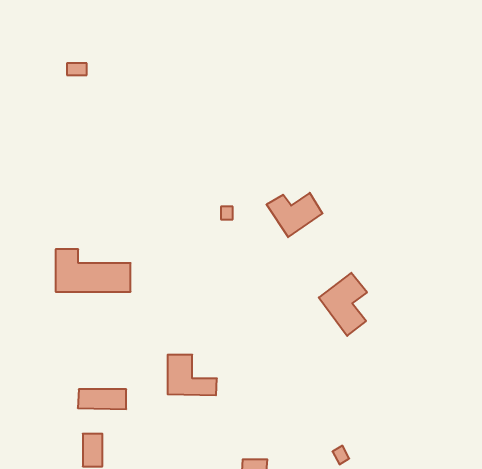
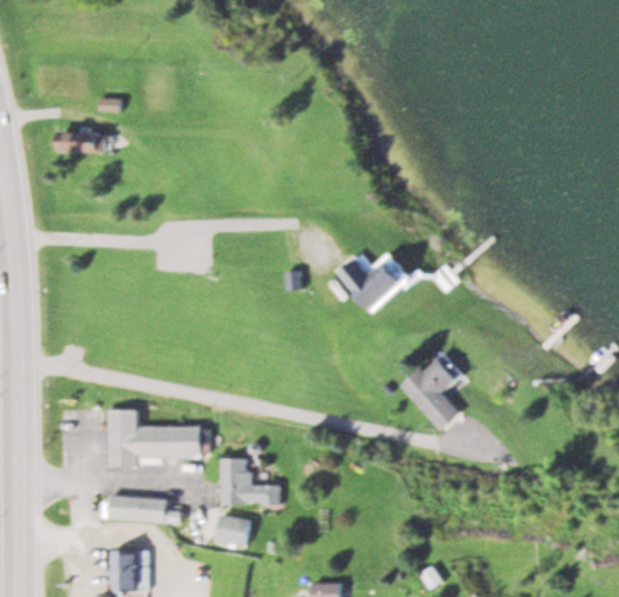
building: none -> [57,133,108,151]
building: [56,249,131,292] -> [109,408,201,460]
building: none -> [214,514,249,545]

